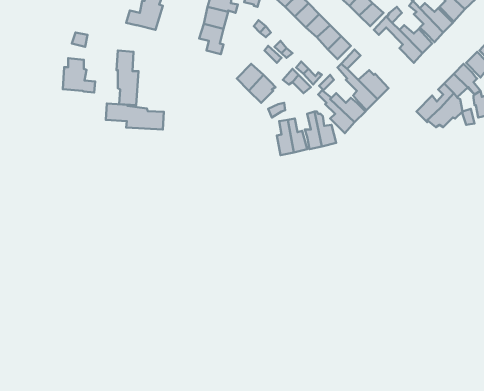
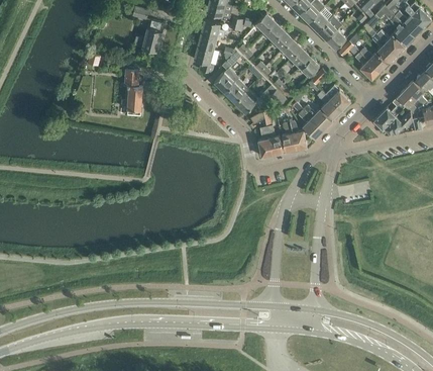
building: none -> [214,50,241,93]
building: [63,58,95,92] -> none
building: [106,103,164,130] -> none

